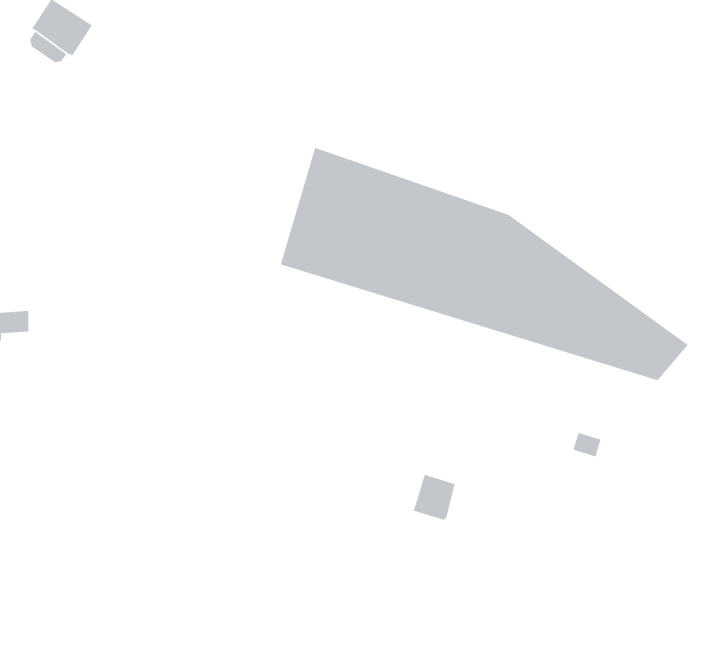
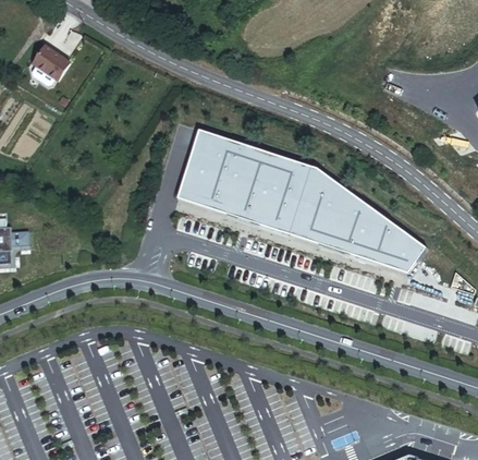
building: [413,474,456,521] -> none

